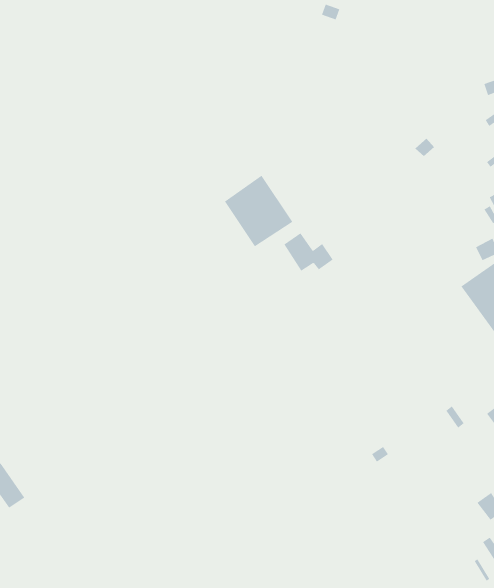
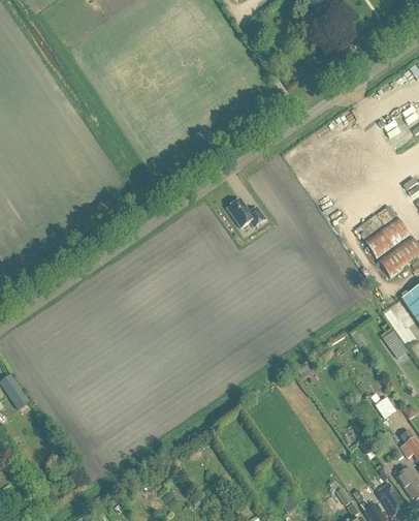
building: [224,175,293,247] -> none

